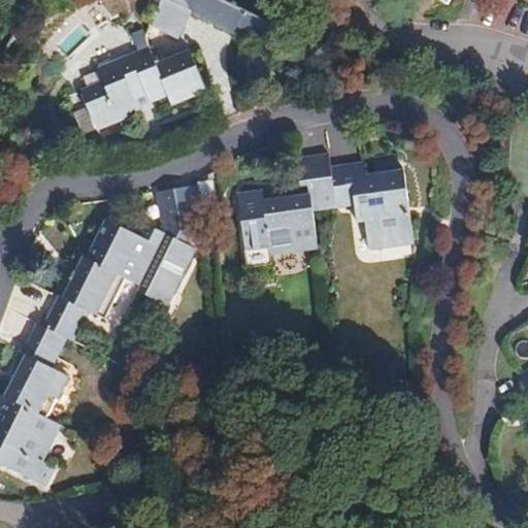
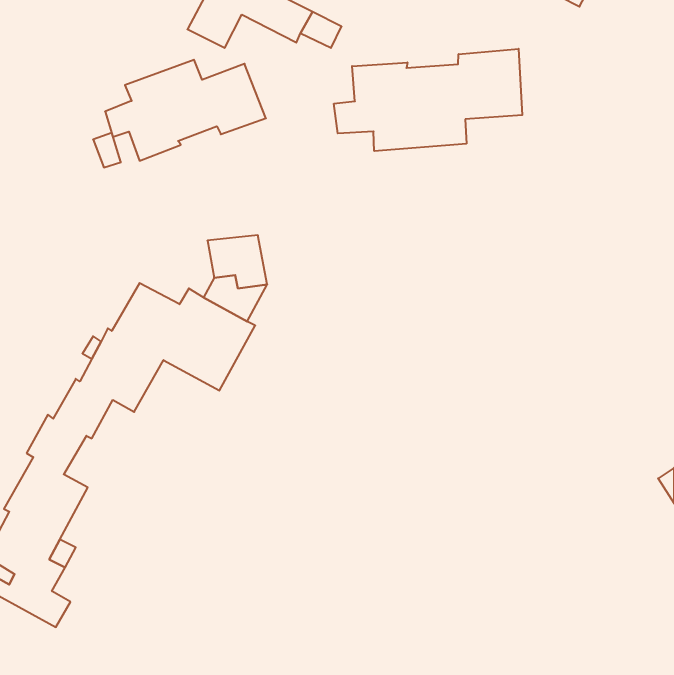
building: none -> [334,49,522,151]
building: [237,155,411,253] -> none

